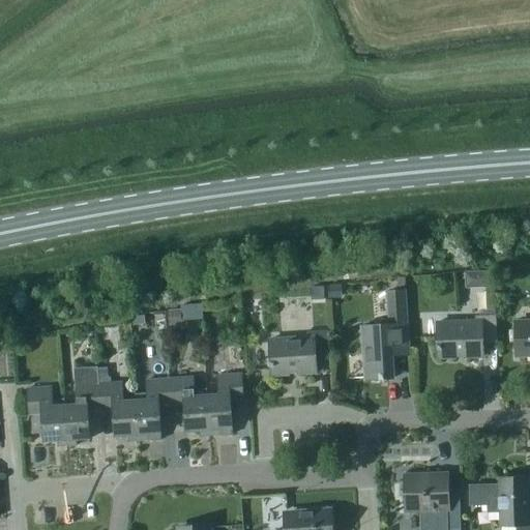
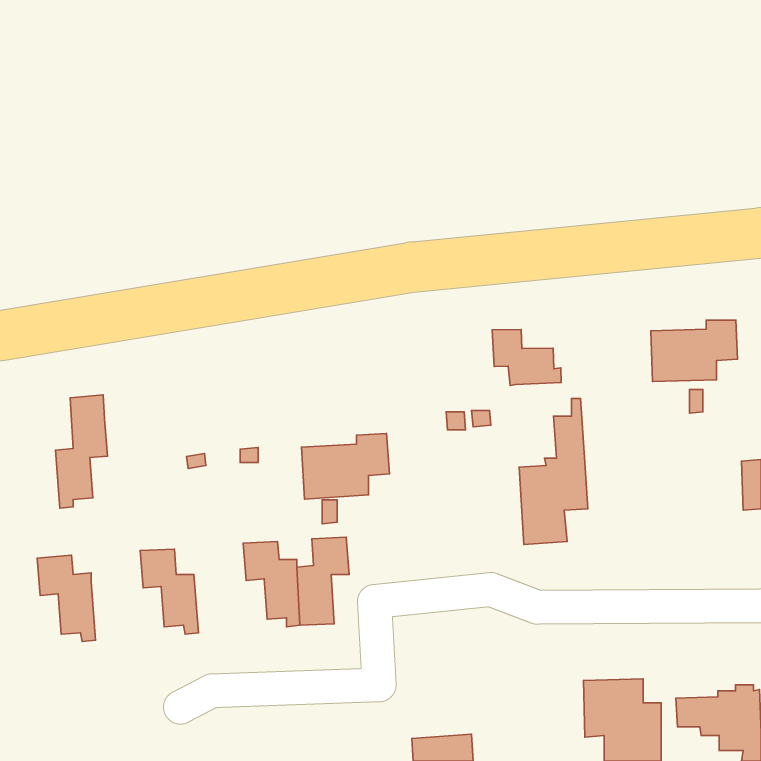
building: none -> [492,330,561,385]
building: [436,314,496,356] -> [651,320,737,381]
building: [268,328,329,374] -> [301,434,389,499]
building: [63,365,99,444] -> [55,395,108,508]
building: [135,377,171,439] -> none

